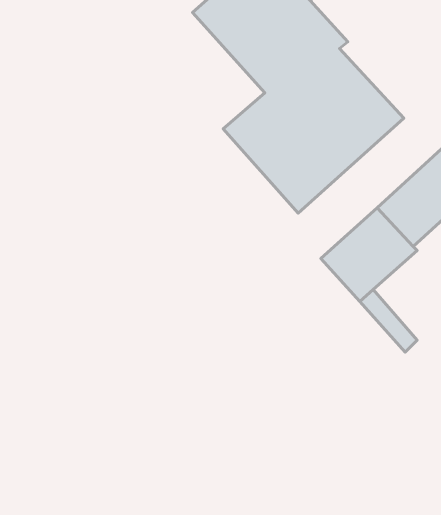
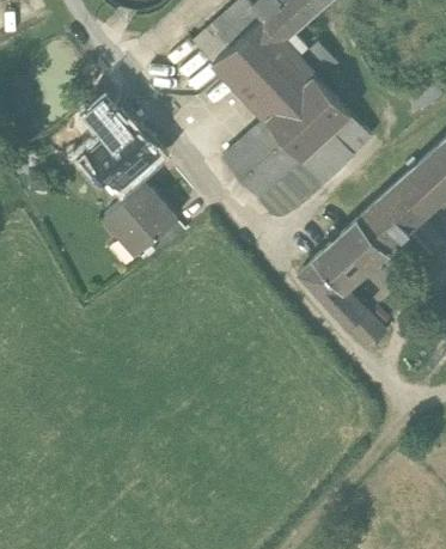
building: none -> [86,99,166,190]
building: none -> [105,184,179,258]

